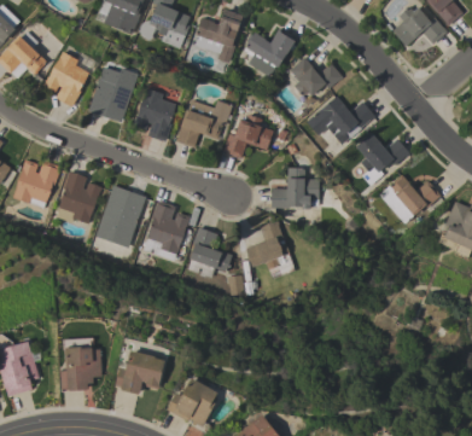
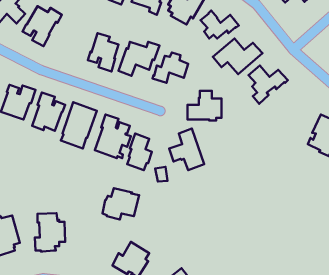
building: [88,68,136,122] -> none
building: [379,175,442,223] -> none
building: [116,350,167,394] -> [102,188,139,220]

